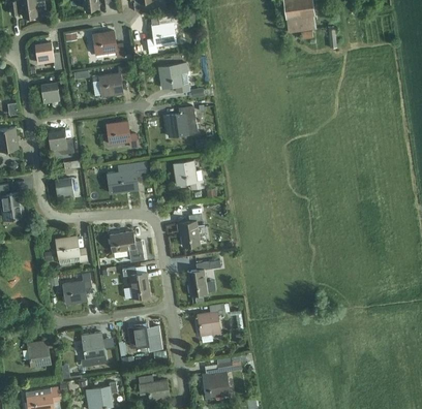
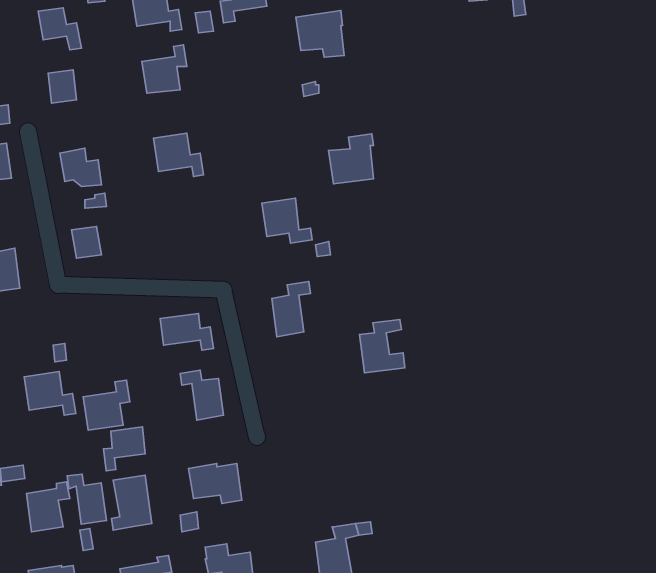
building: [158,63,188,92] -> [296,10,344,57]
building: [165,105,193,136] -> [328,134,374,184]
building: [108,162,141,193] -> none
building: [56,235,88,262] -> [24,372,76,415]
building: [186,262,214,295] -> [360,319,405,373]
building: none -> [104,427,145,471]
building: [197,304,229,337] -> none
building: none -> [67,474,107,524]

